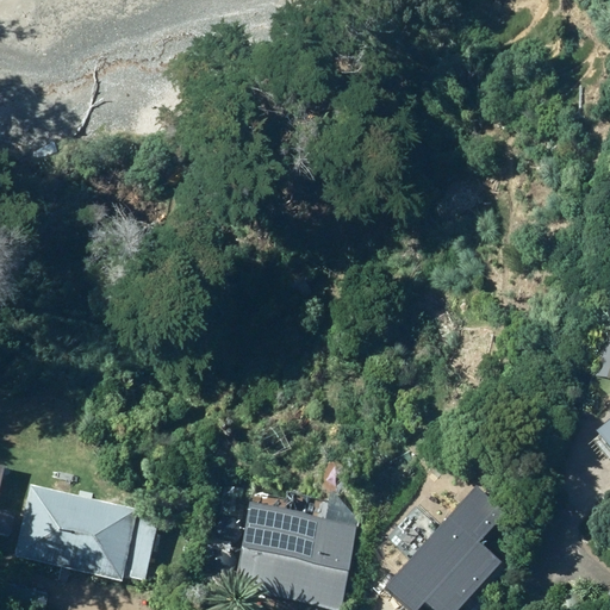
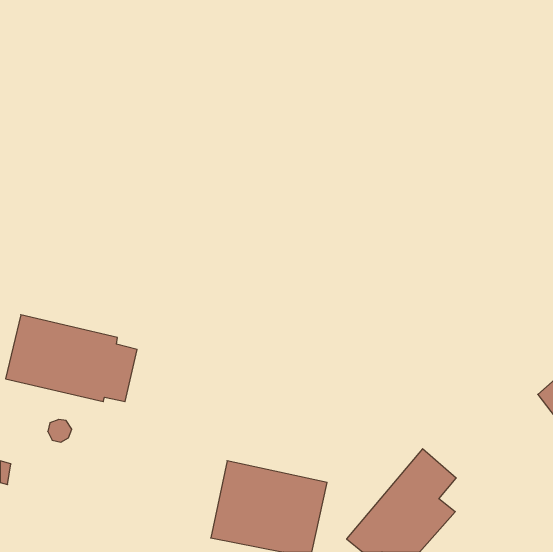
building: [13,481,157,577] -> [6,315,137,402]

